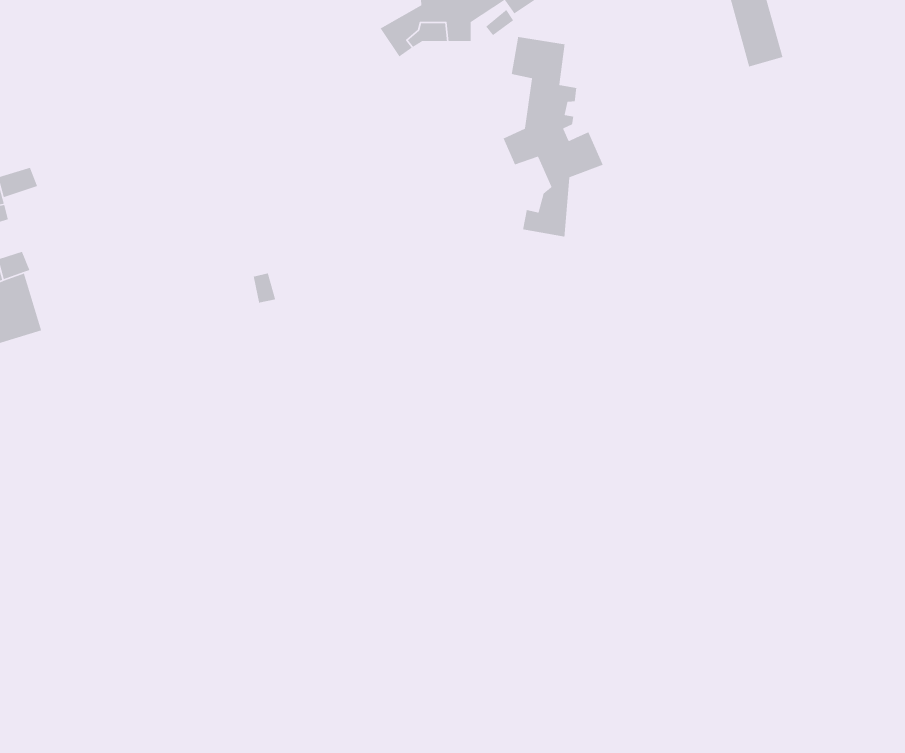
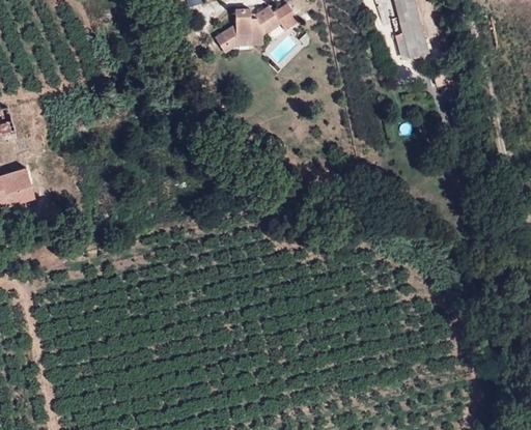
building: [503,36,604,237] -> none

